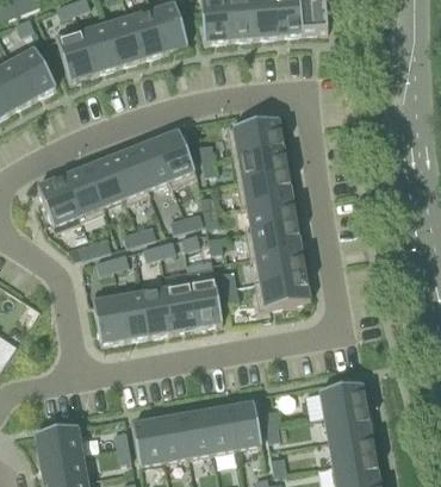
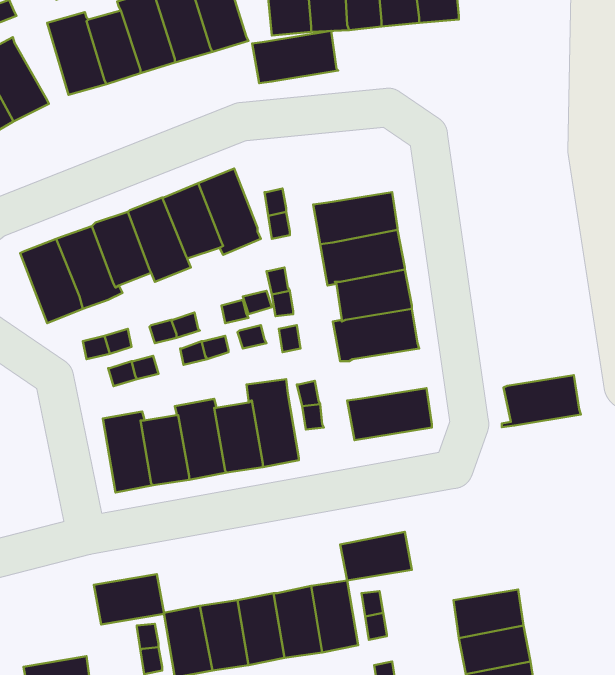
building: [226,119,284,154] -> [252,31,338,83]
building: [254,249,306,283] -> [502,375,581,427]
building: [319,383,367,416] -> [340,532,412,581]
building: [35,426,81,460] -> [94,574,164,624]

